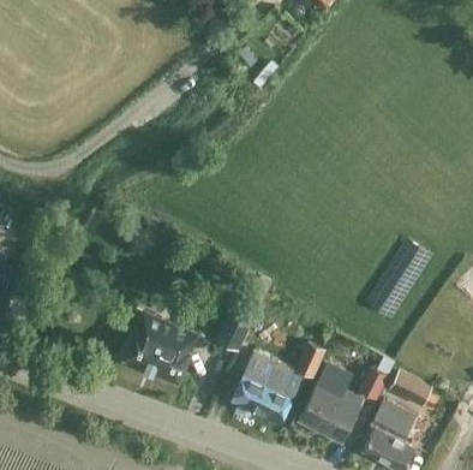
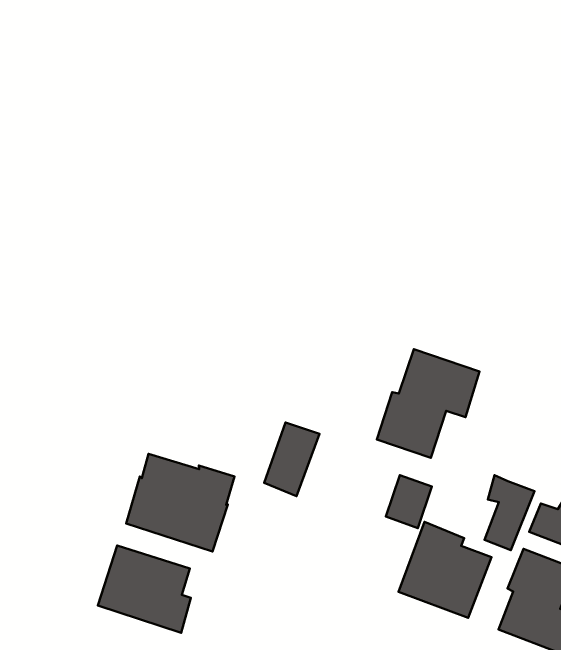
building: none -> [377,349,480,458]
building: [232,363,298,422] -> none
building: none -> [98,546,191,633]

